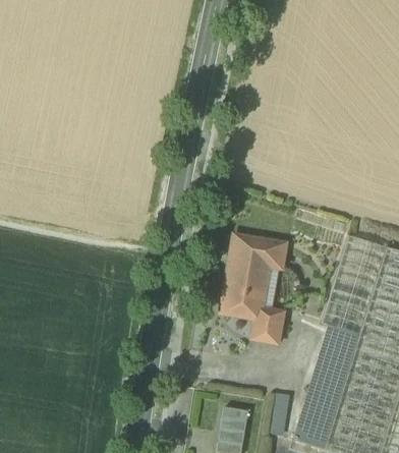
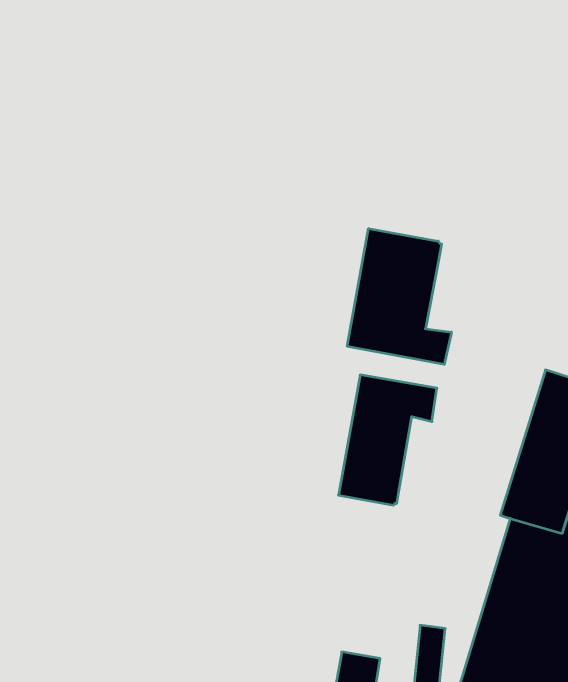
building: none -> [347,229,451,364]
building: [253,310,282,342] -> none

